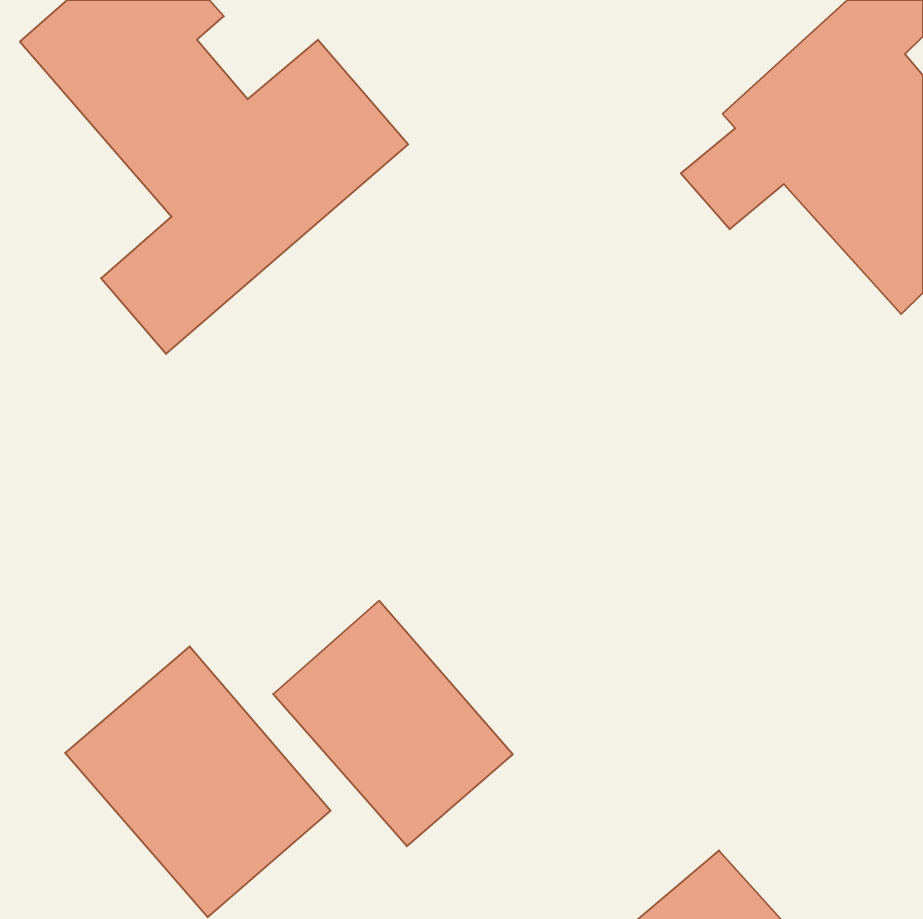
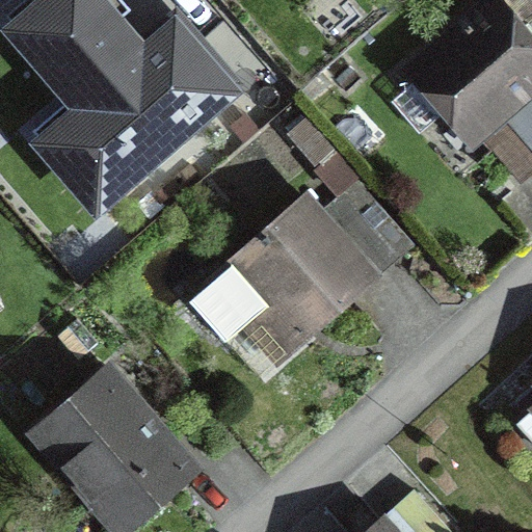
building: none -> [190,193,402,354]
building: [273,601,513,846] -> none

